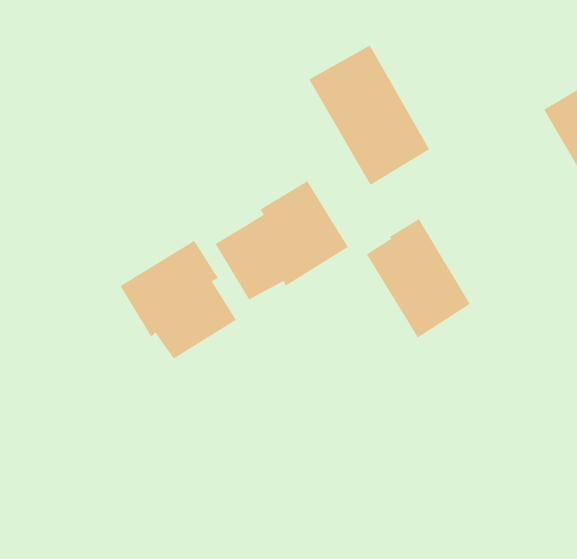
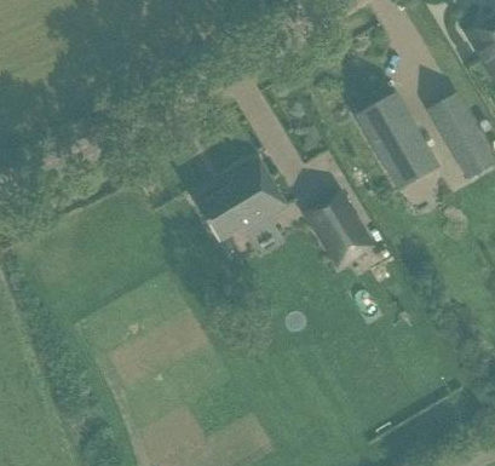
building: [308,45,430,186] -> [353,92,439,191]
building: [119,240,237,359] -> none

